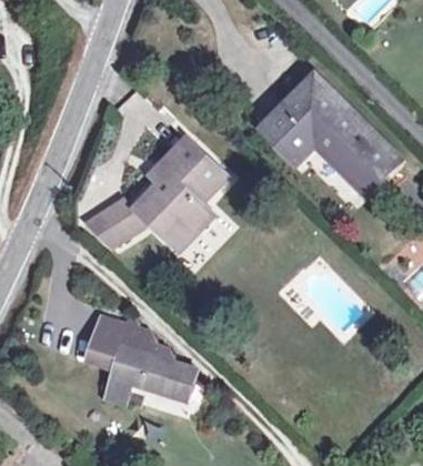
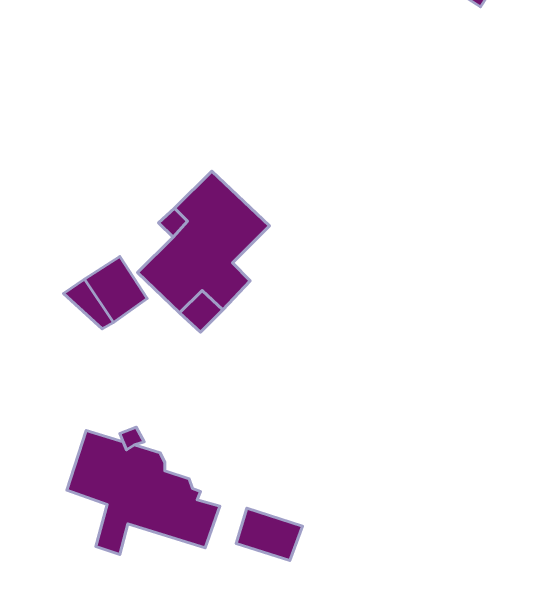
building: [265,80,394,191] -> none
building: none -> [236,508,303,561]

